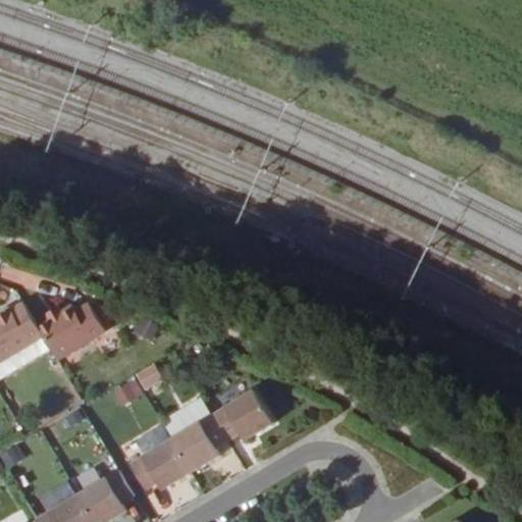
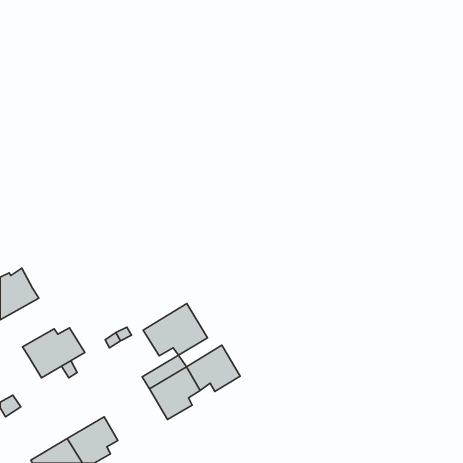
building: [37,303,107,359] -> [22,328,85,378]
building: none -> [143,304,207,356]
building: [126,437,189,489] -> none

